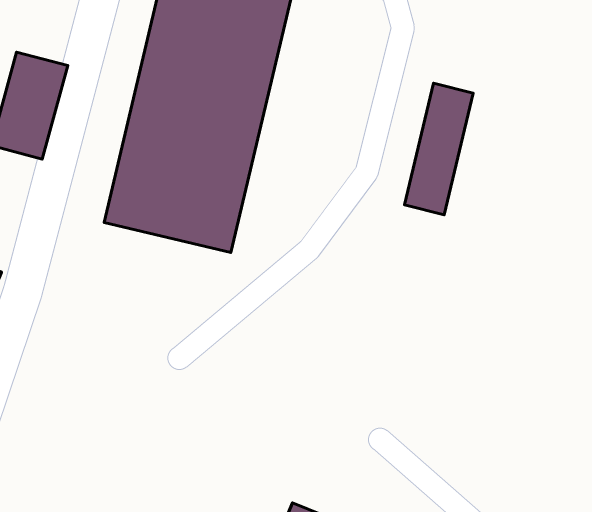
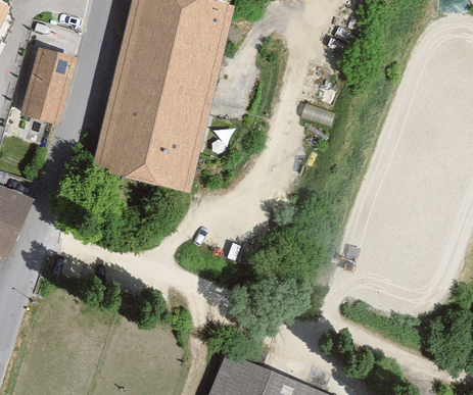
building: [405,83,473,215] -> none

